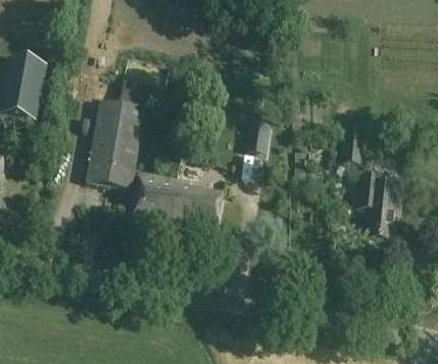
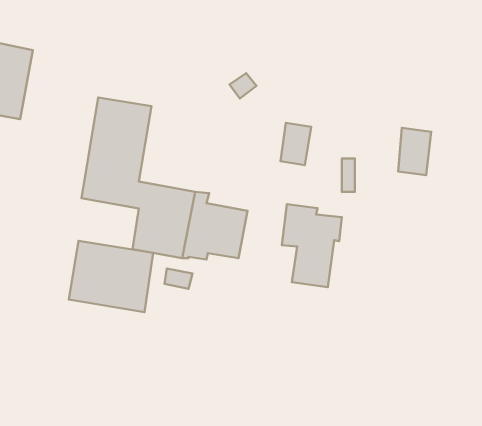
building: [355,172,403,238] -> [282,204,342,287]
building: none -> [69,241,153,312]

